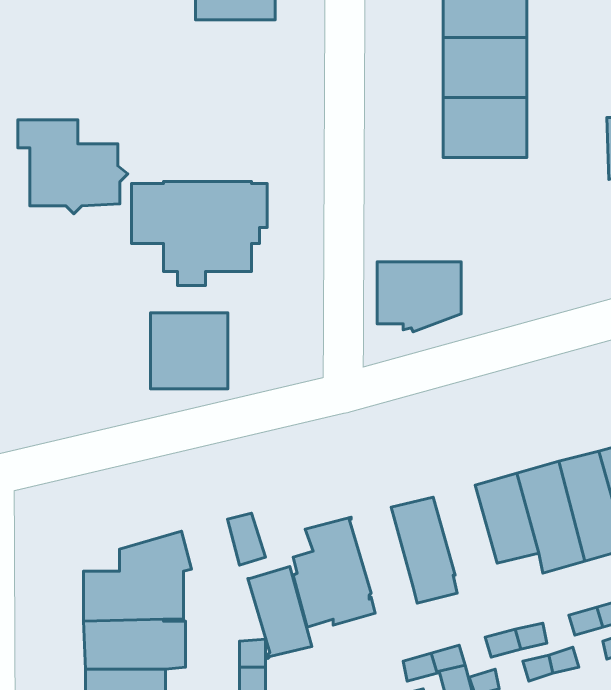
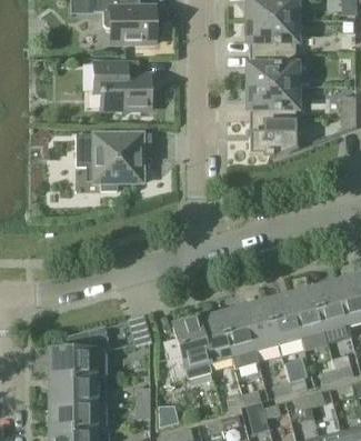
building: [18,120,128,214] -> [94,60,156,112]
building: [377,262,461,332] -> [249,118,295,157]
building: [151,313,228,389] -> none
building: none -> [243,300,279,350]
building: [248,566,312,658] -> [197,312,232,363]

